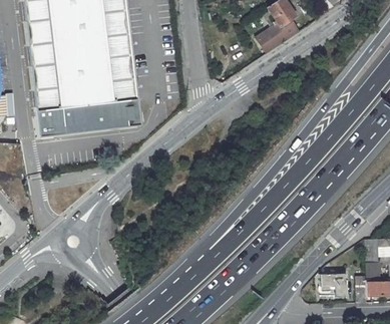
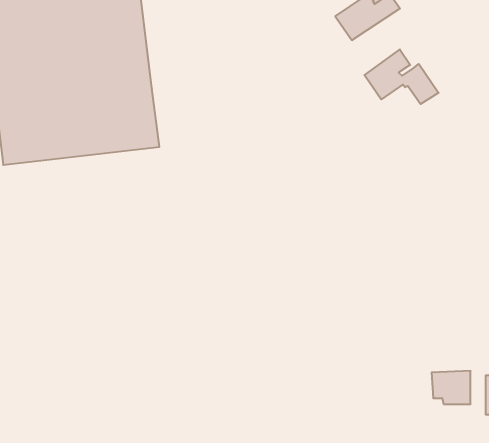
building: none -> [364,49,439,104]

